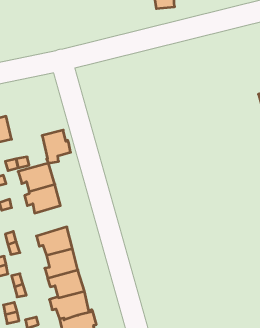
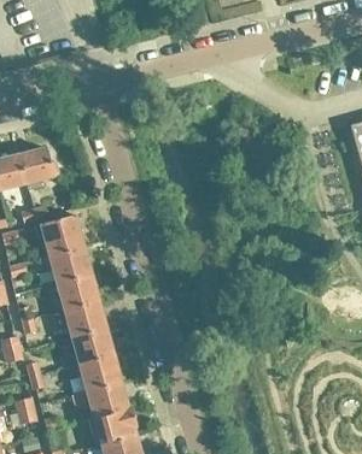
building: [42,130,71,163] -> [21,147,58,190]
building: none -> [57,271,100,311]

